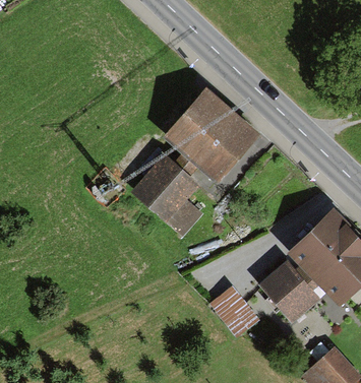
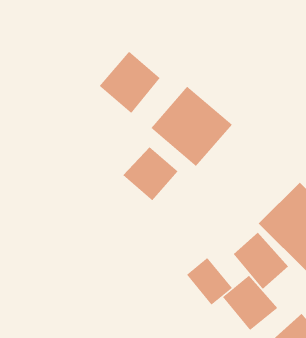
building: none -> [99,51,160,114]
building: none -> [222,275,278,331]

